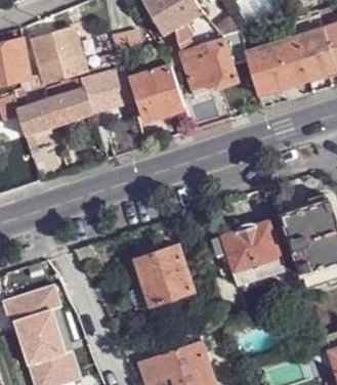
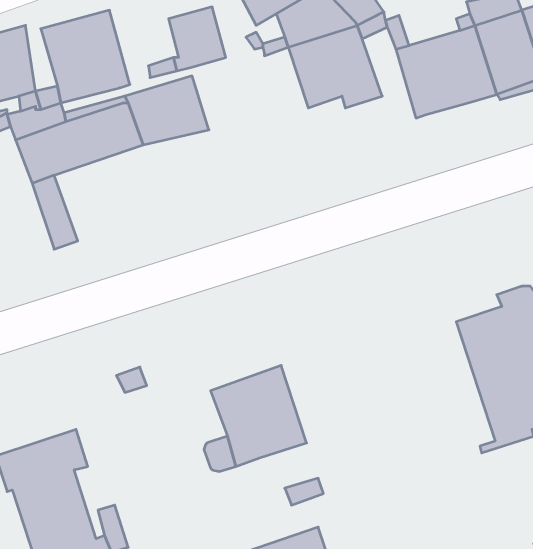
building: [132,67,183,120] -> none
building: [209,222,284,287] -> none

